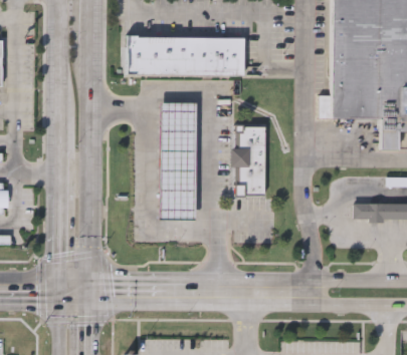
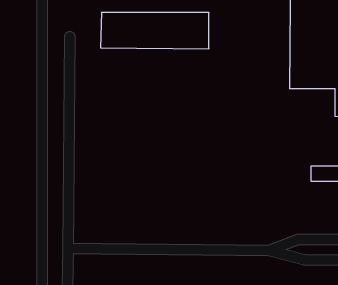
building: [162,103,197,218] -> none
building: [230,124,263,196] -> none

